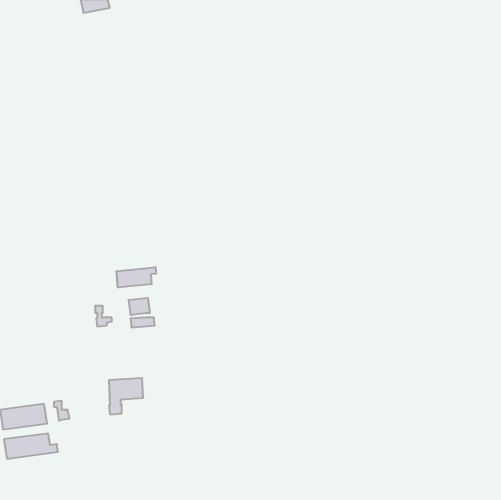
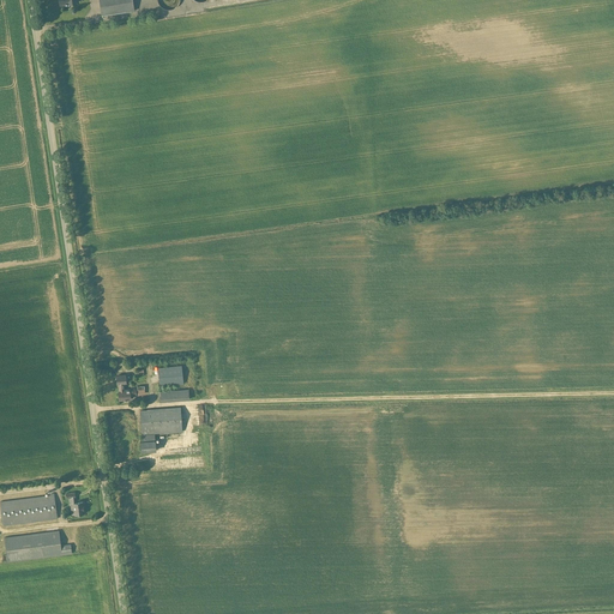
building: [116,267,156,288] -> none
building: [109,378,143,414] -> [140,407,182,451]

